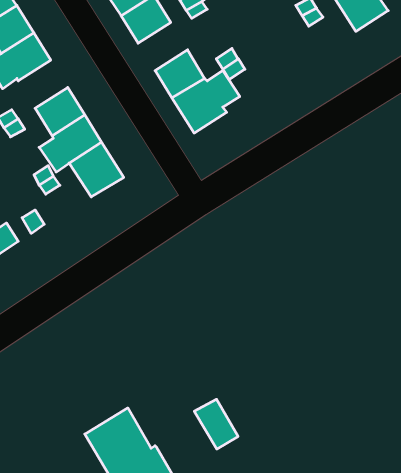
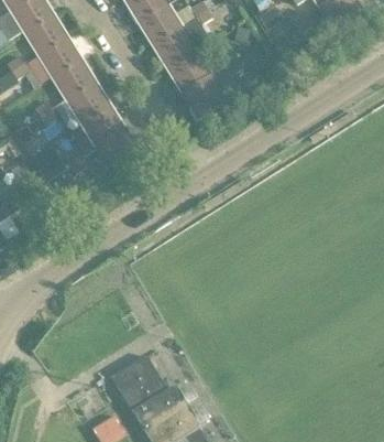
building: none -> [154,26,196,67]
building: none -> [53,58,95,99]
building: [194,399,238,449] -> none

